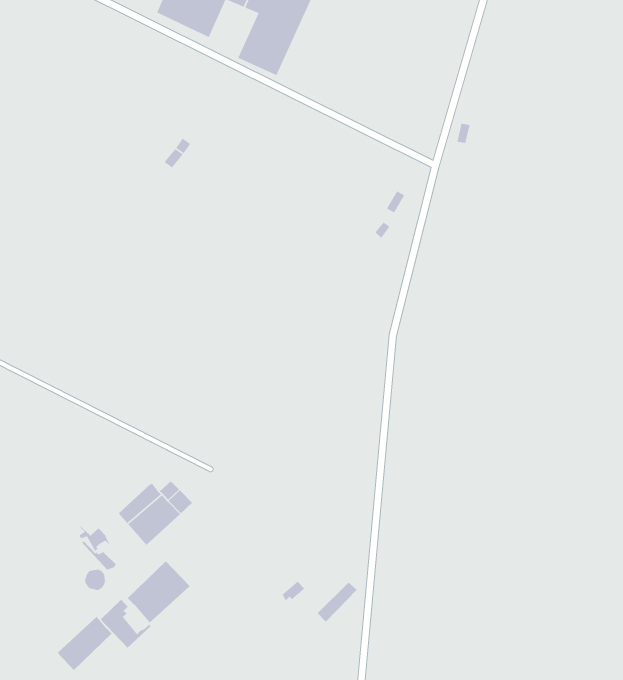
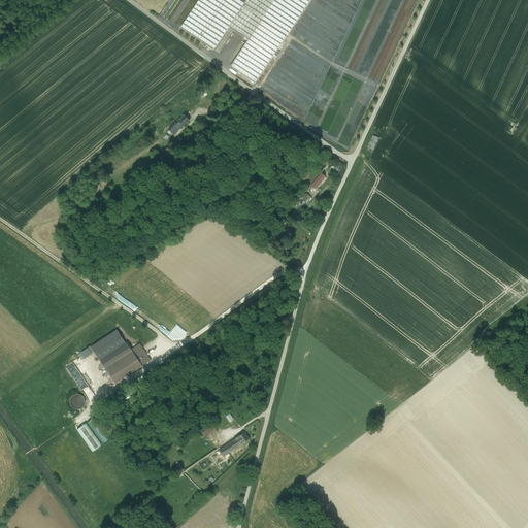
building: none -> [91,328,125,358]
building: [127,560,190,624] -> none
building: [57,616,112,671] -> none

